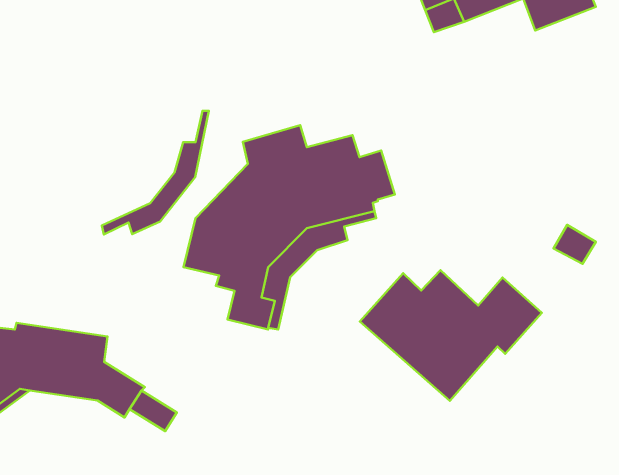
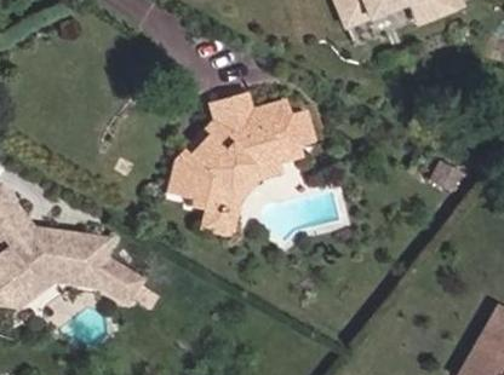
building: [102,111,209,234] -> none
building: [360,270,542,401] -> none

